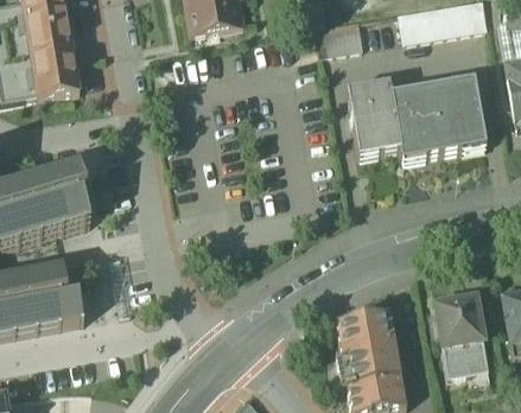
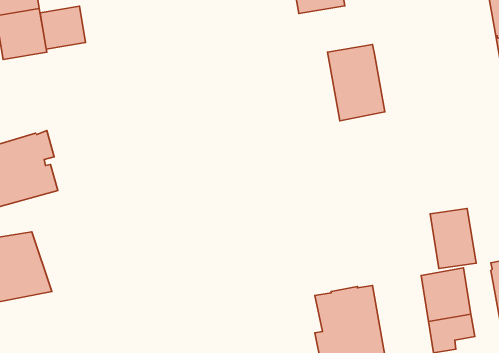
building: none -> [40,6,86,49]
building: [392,76,485,155] -> none
building: none -> [430,209,476,268]

